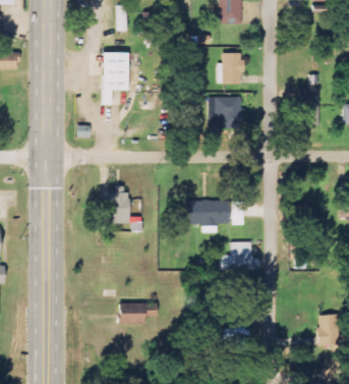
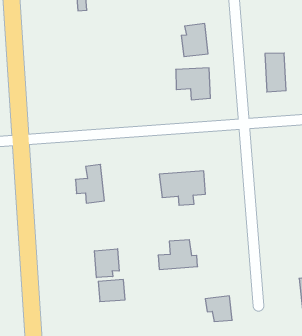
building: [101,52,126,91] -> none
building: [220,242,258,270] -> [158,240,198,269]
building: none -> [95,249,119,278]

